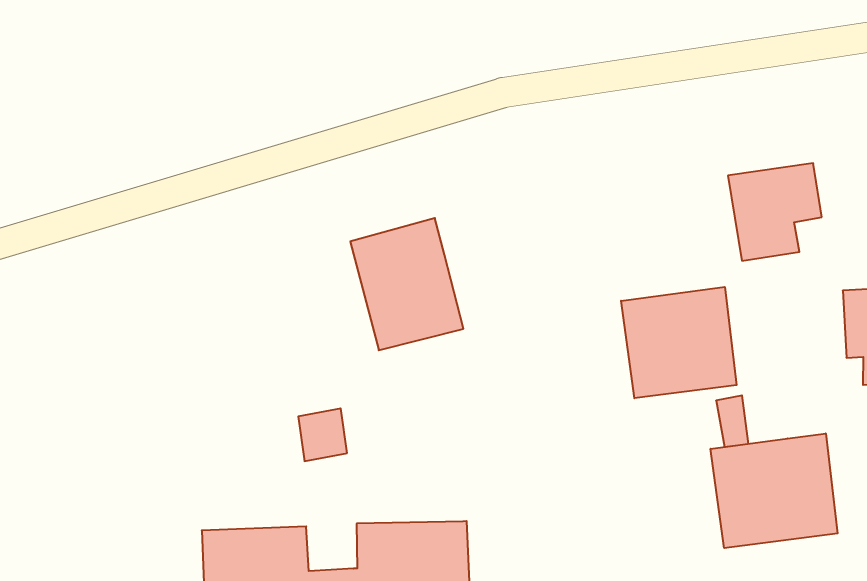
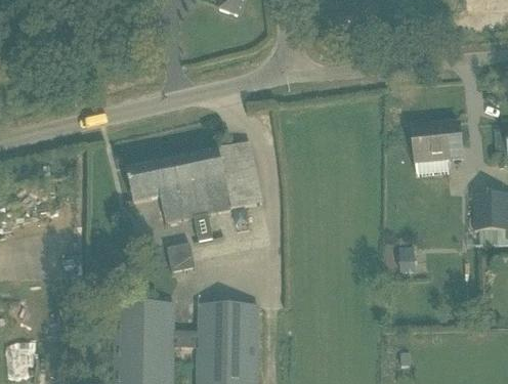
building: none -> [127,151,216,221]
building: [621,287,737,398] -> none
building: [711,433,838,548] -> none

